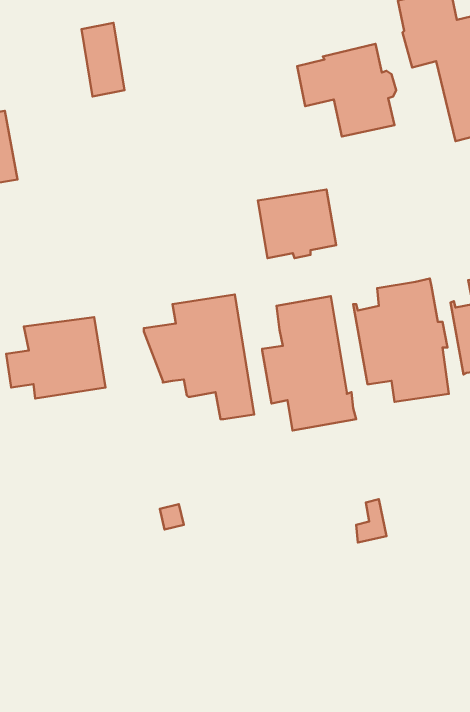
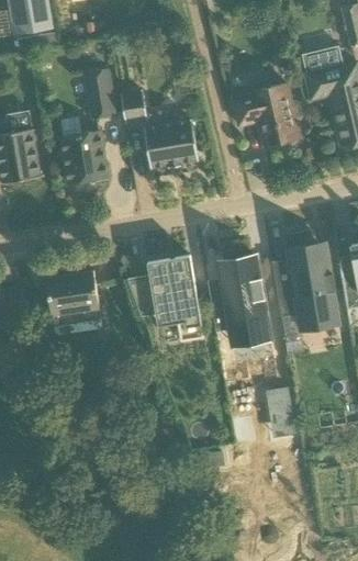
building: none -> [120,91,147,123]
building: none -> [60,115,108,183]
building: [258,189,336,258] -> [144,120,198,167]

